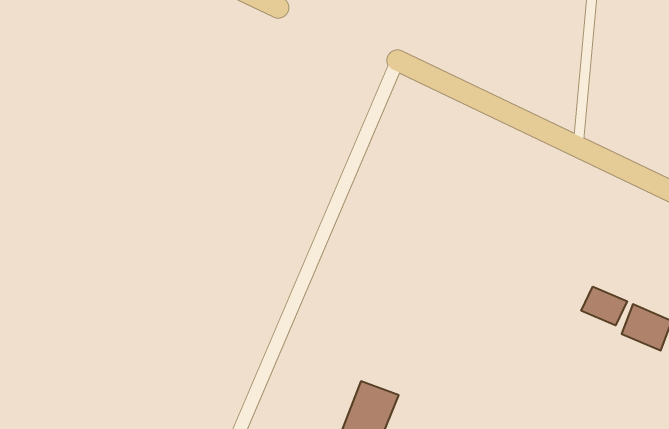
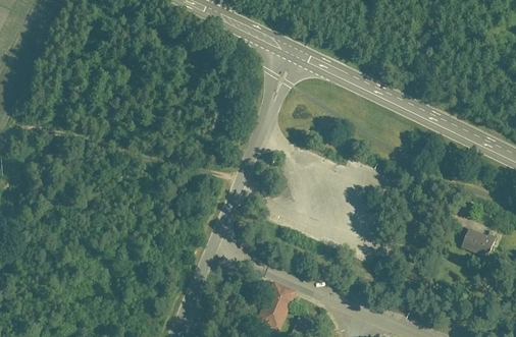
building: [581,287,627,325] -> none

